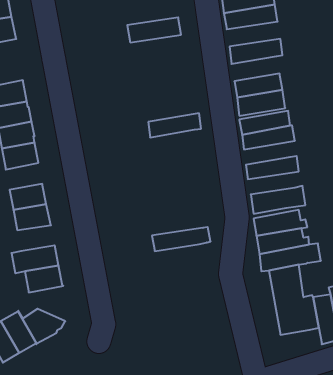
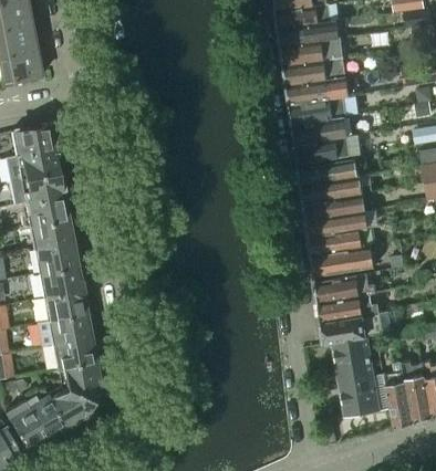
building: [127,17,181,42] -> [283,56,345,85]
building: none -> [289,96,344,125]
building: [148,113,201,137] -> [303,193,364,221]
building: none -> [29,219,71,250]
building: none -> [42,291,85,321]
building: [152,227,211,251] -> [308,228,375,255]
building: none -> [55,360,101,401]

